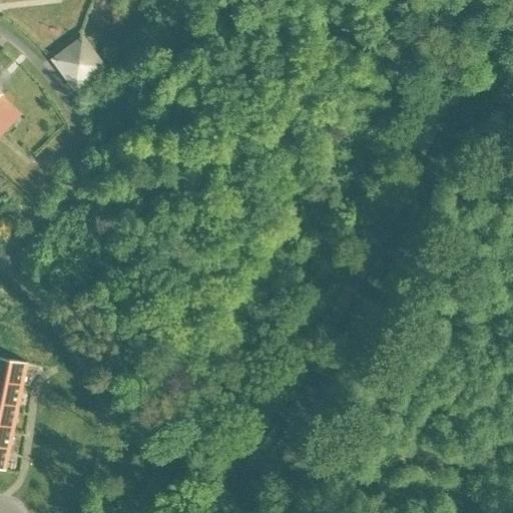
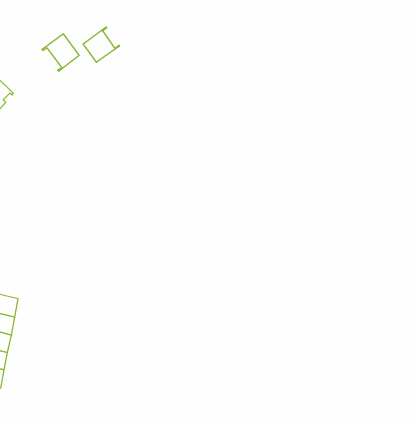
building: none -> [83,27,119,62]

